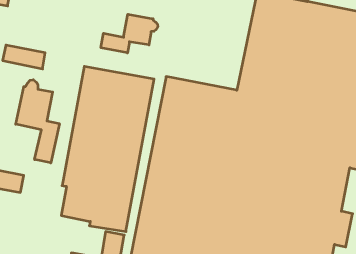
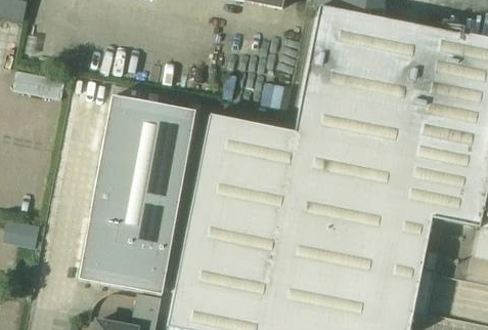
building: [101,14,158,53] -> none
building: [16,80,59,163] -> none

